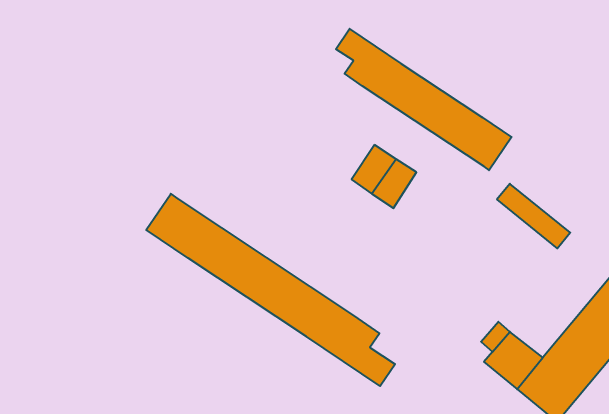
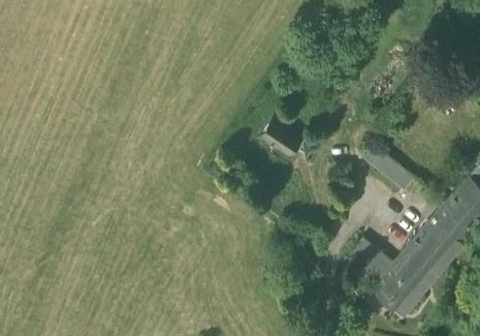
building: [336,29,512,170] -> none
building: [146,194,395,386] -> none

